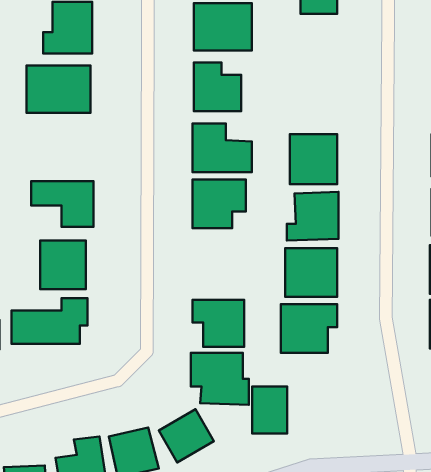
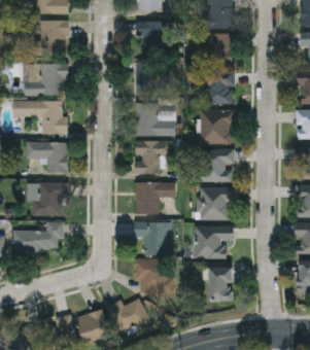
building: none -> [208,34,232,67]
building: none -> [203,71,233,105]
building: none -> [11,101,68,135]
building: none -> [134,182,174,215]
building: [252,387,287,434] -> [208,267,232,299]

